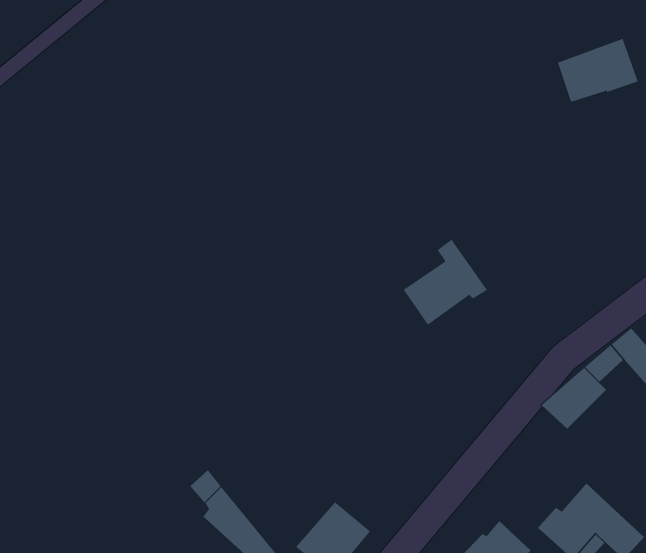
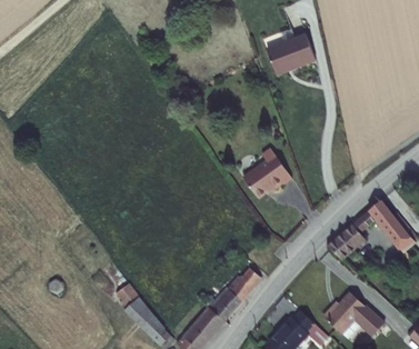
building: [557,38,638,102] -> [268,38,316,76]
building: none -> [203,267,261,320]

